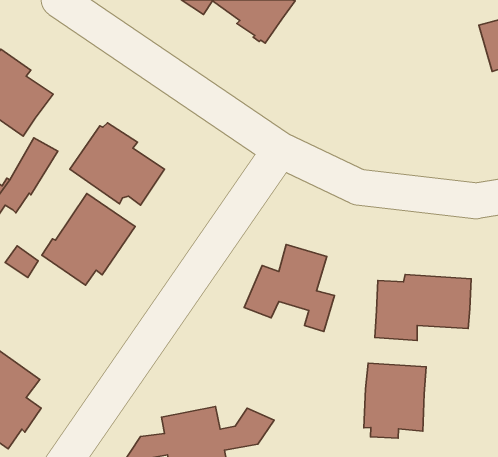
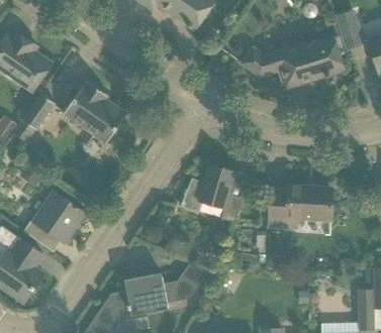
building: none -> [243,36,345,89]
building: [42,194,135,285] -> [24,191,87,252]
building: [364,363,426,438] -> none

